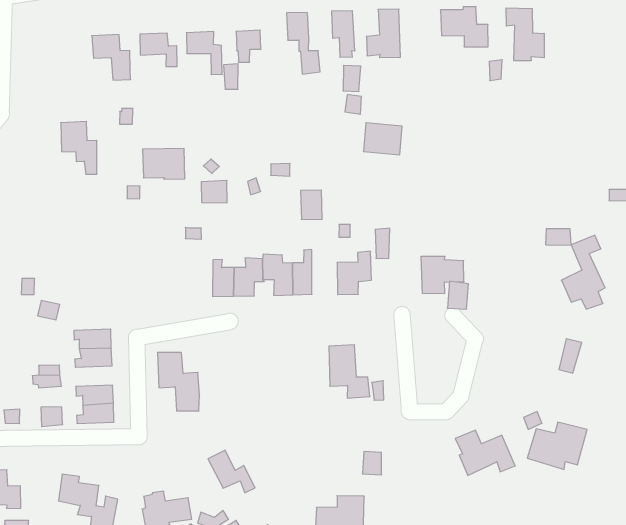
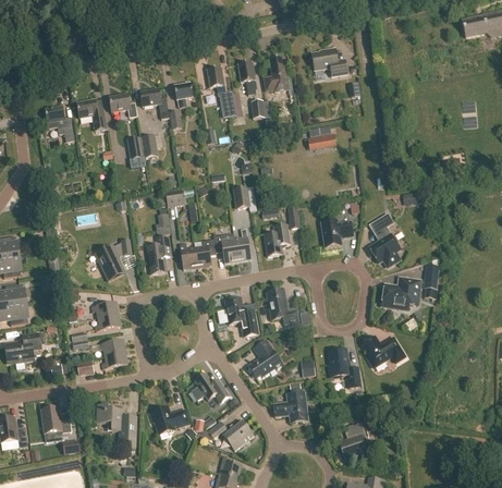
building: [506,8,544,61] -> none
building: [61,121,97,174] -> [45,105,74,141]
building: [363,123,402,155] -> [309,127,335,148]
building: [143,148,185,179] -> [126,134,158,158]
building: [561,235,605,309] -> [369,214,400,265]
building: none -> [95,239,132,280]
building: none -> [147,235,171,273]
building: [157,352,200,411] -> [224,297,258,338]
building: none -> [248,339,283,378]
building: [527,422,587,469] -> [382,278,420,309]
building: none -> [329,349,360,388]

